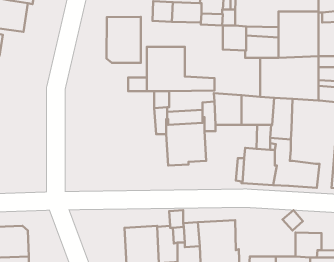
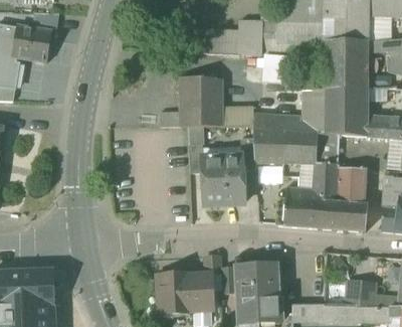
building: [107,17,141,63] -> none
building: none -> [253,112,304,132]
building: none -> [339,167,366,204]

